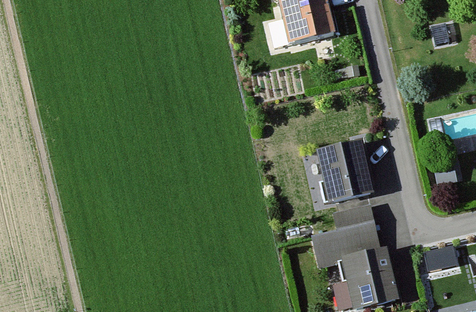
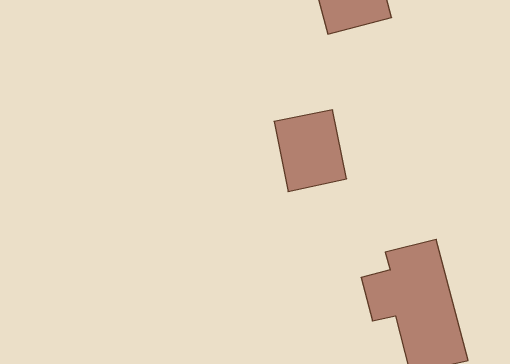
building: [315,140,372,204] -> [274,110,347,192]

